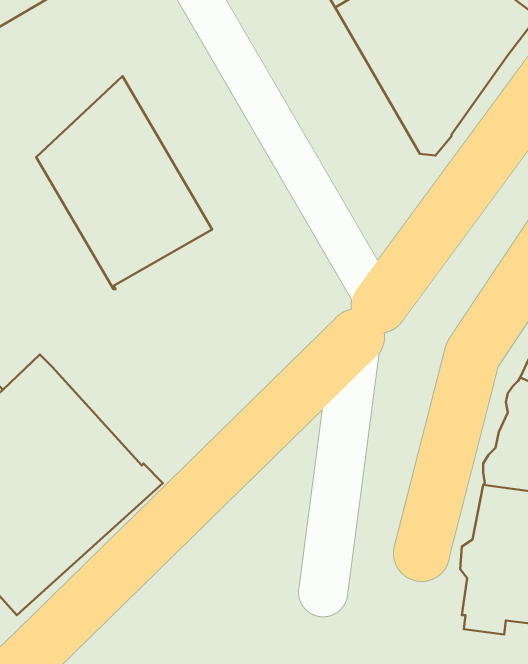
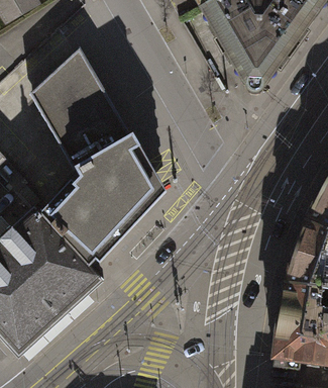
building: none -> [39,134,167,271]

